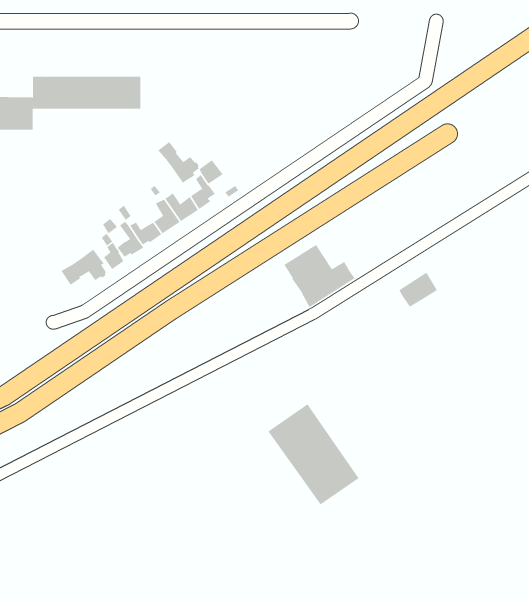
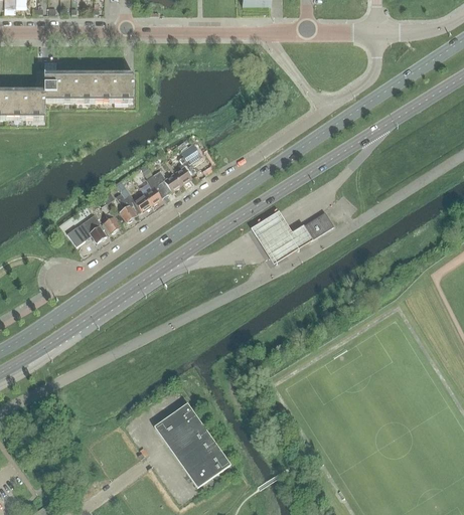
building: [158,141,199,184] -> none
building: [399,272,438,307] -> [301,209,333,238]
building: [268,403,359,505] -> [154,401,229,485]

